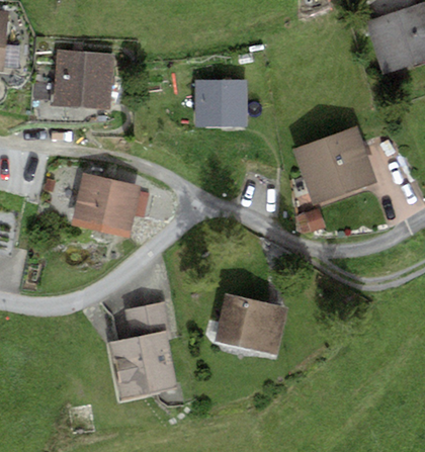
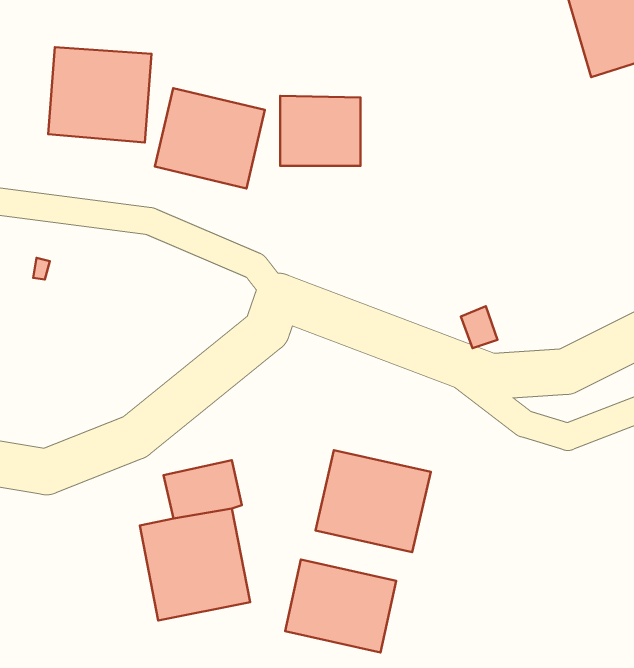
building: [294,129,374,202] -> none
building: [69,173,136,234] -> [155,88,265,188]
building: none -> [285,559,396,652]

